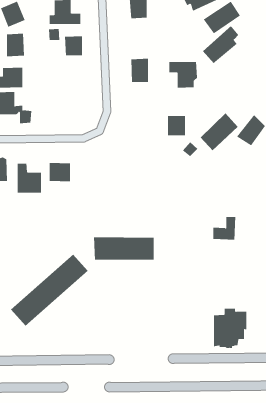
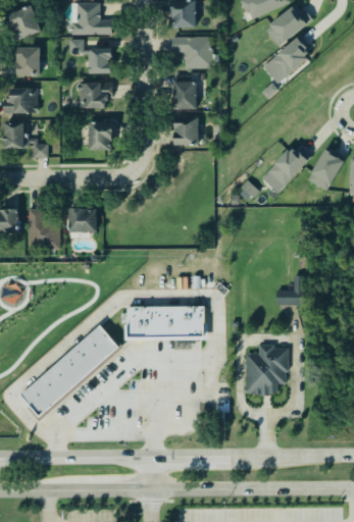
building: [169,62,198,88] -> [172,37,209,70]
building: none -> [77,83,110,107]
building: none -> [89,122,113,151]
building: [167,116,186,136] -> [172,115,196,141]
building: [213,308,247,348] -> [244,345,287,396]

